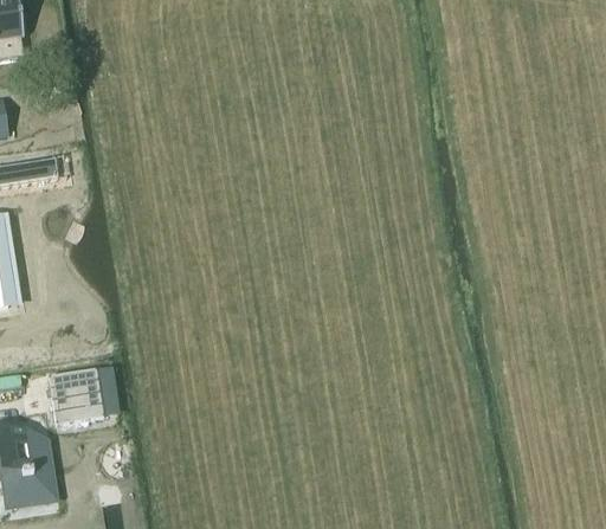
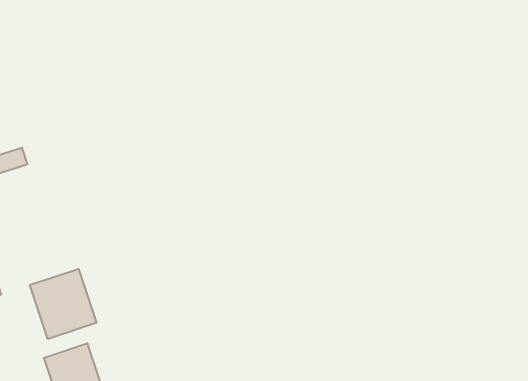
building: none -> [30,269,96,339]

